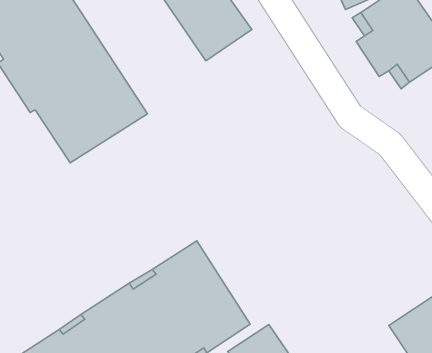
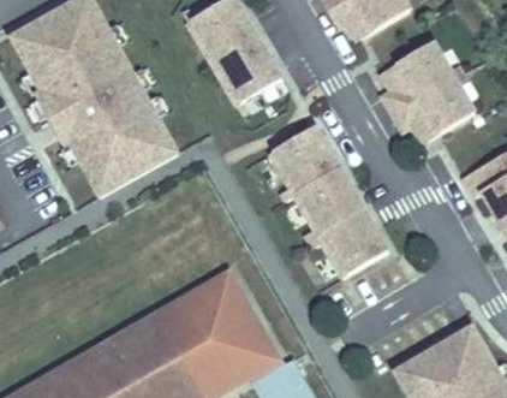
building: none -> [272,124,390,274]

